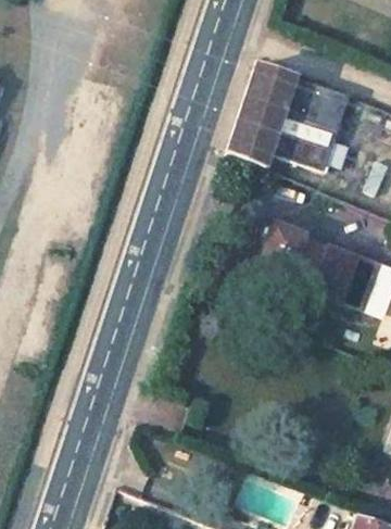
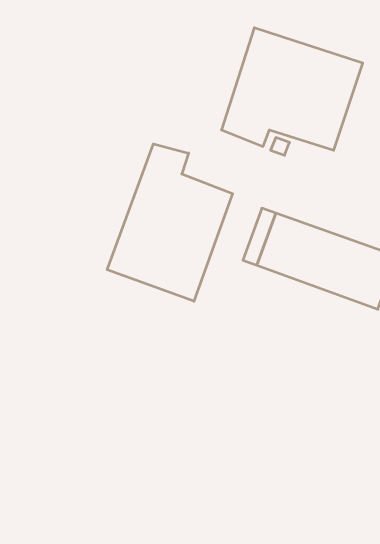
building: none -> [107,144,233,301]

